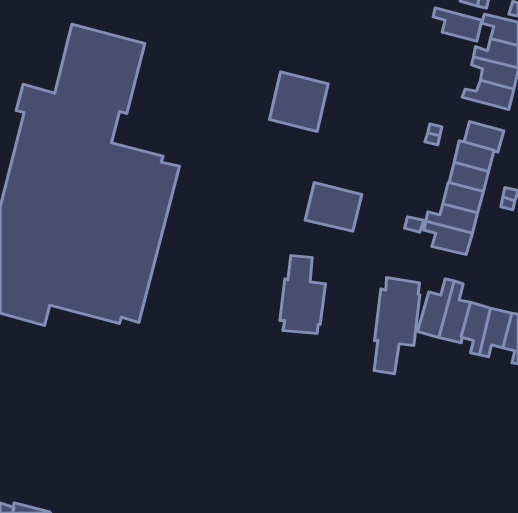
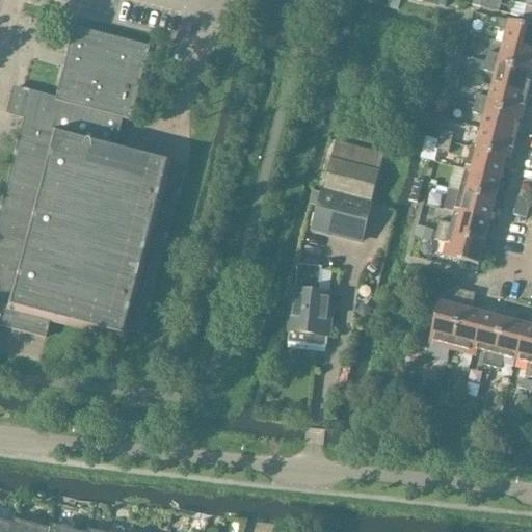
building: [433,8,482,41] -> [472,100,522,134]
building: [269,72,328,132] -> [322,138,382,200]
building: [374,277,420,374] -> none

